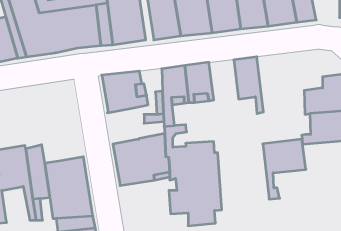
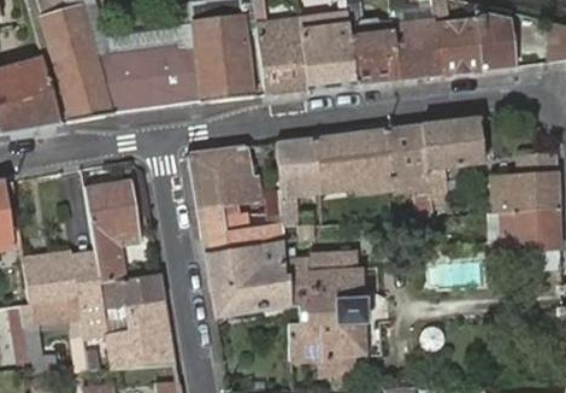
building: none -> [349,124,394,188]
building: none -> [87,176,142,280]
building: none -> [196,196,244,251]
building: [263,139,306,199] -> [421,112,487,203]

